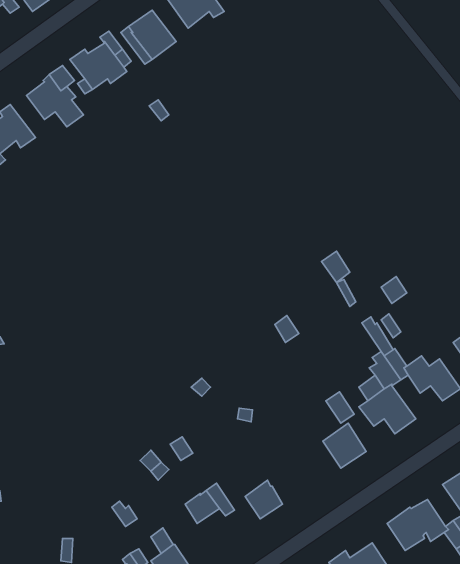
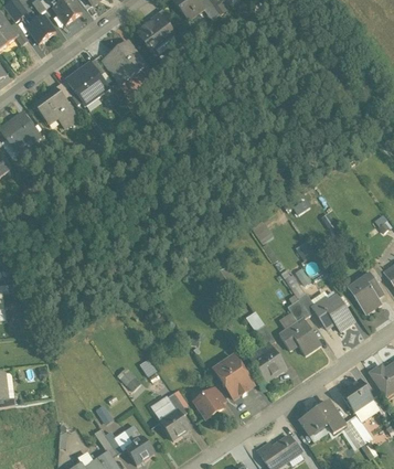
building: none -> [213,355,252,397]
building: none -> [159,409,189,439]

